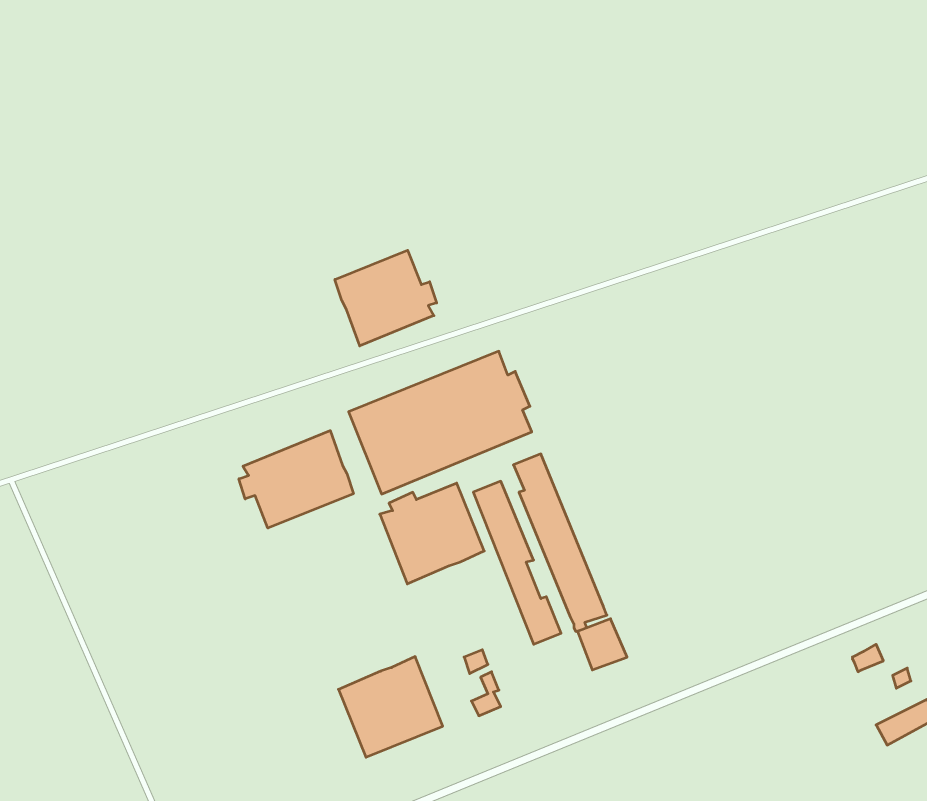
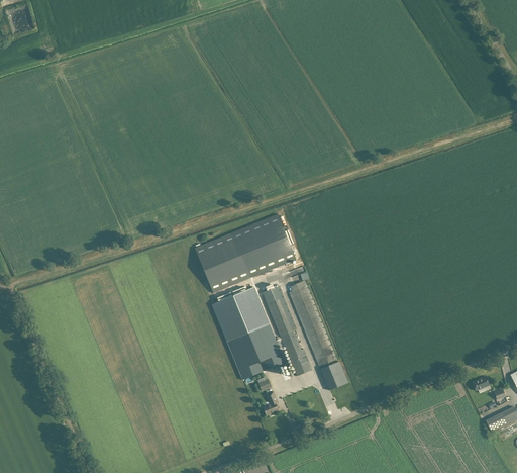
building: [335,250,437,346] -> none
building: [239,431,353,528] -> none
building: [338,657,443,757] -> [227,324,285,380]

